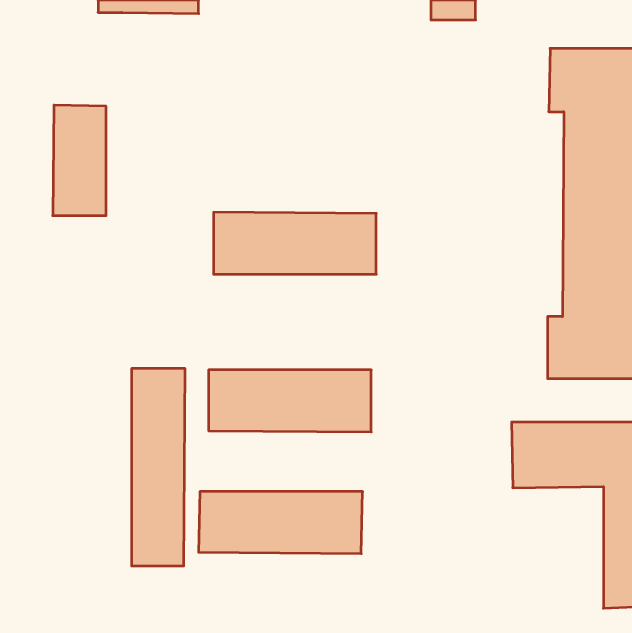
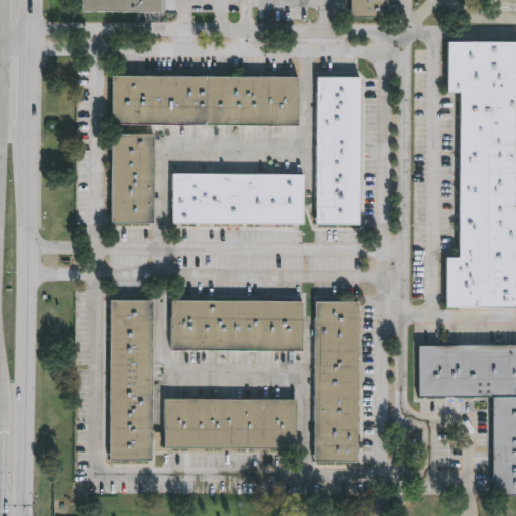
building: none -> [115,75,302,125]
building: none -> [319,76,364,225]
building: [53,105,106,216] -> [114,133,157,223]
building: none -> [314,301,358,463]

